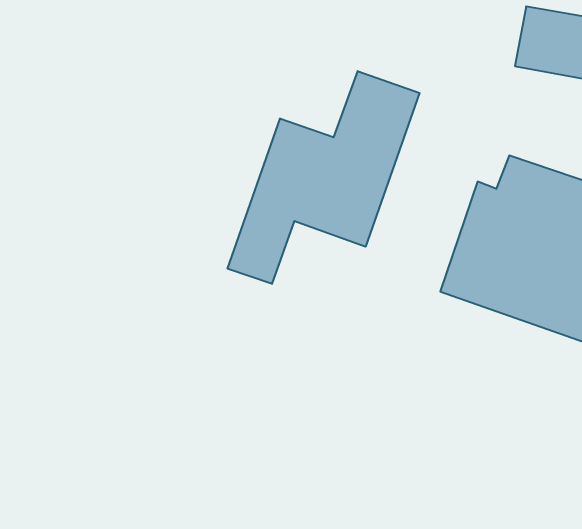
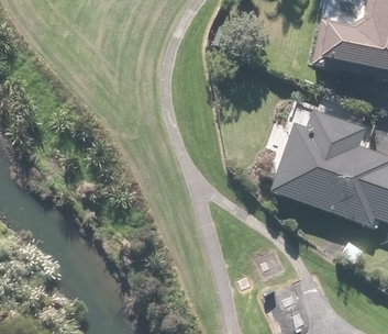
building: [228,71,420,284] -> none

